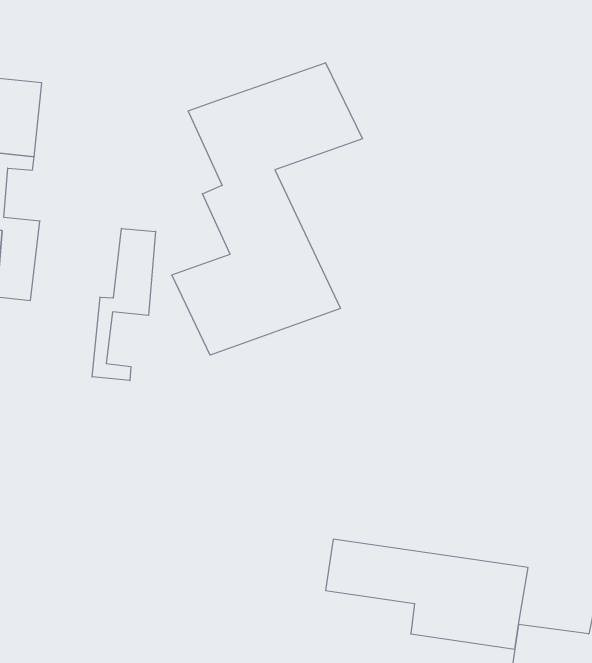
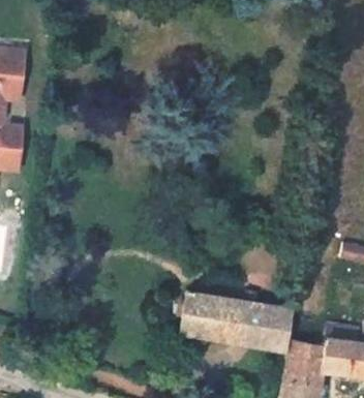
building: [172,63,363,355] -> none
building: [92,228,156,381] -> none

